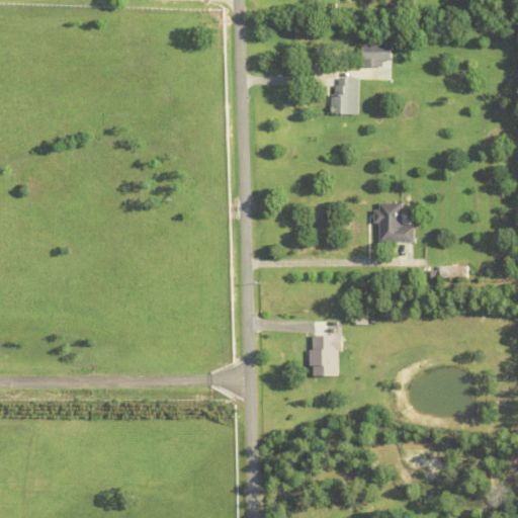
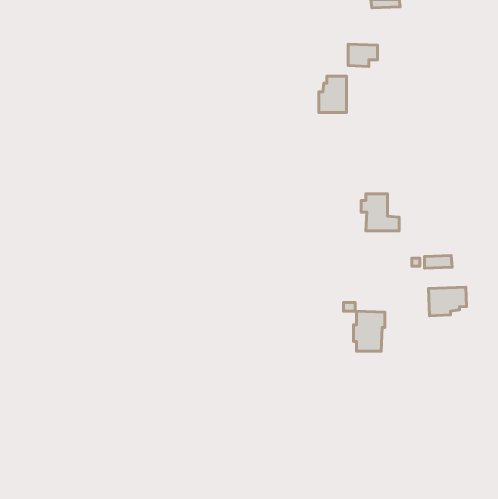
building: none -> [428,287,467,316]
building: [309,332,341,373] -> [354,311,385,351]

